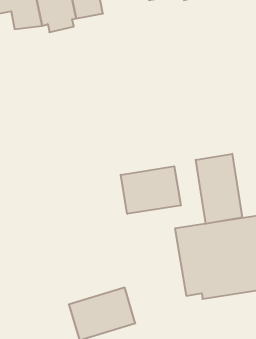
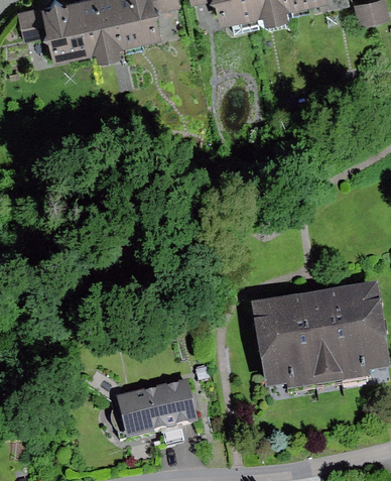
building: [196,154,242,224] -> none
building: [121,166,181,214] -> none

